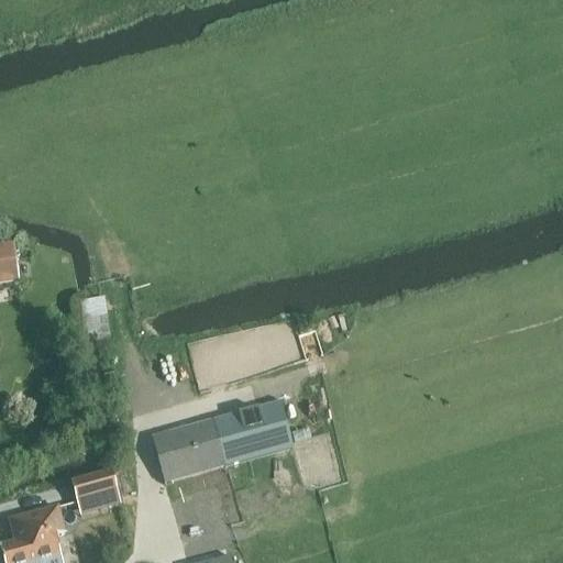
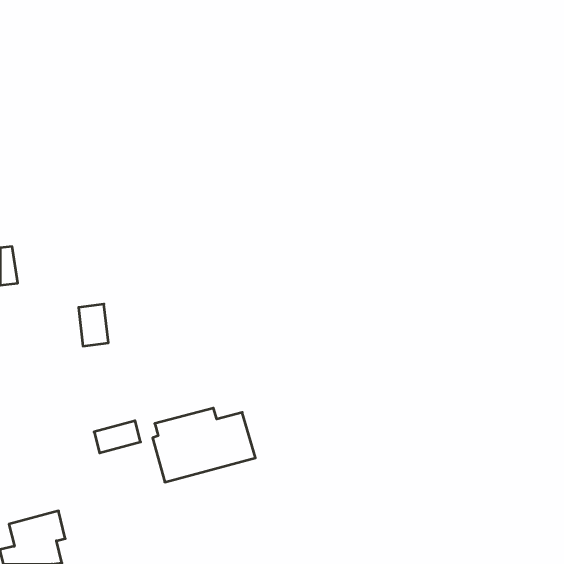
building: [246,411,282,445] -> none
building: [73,473,119,505] -> [94,421,141,453]

